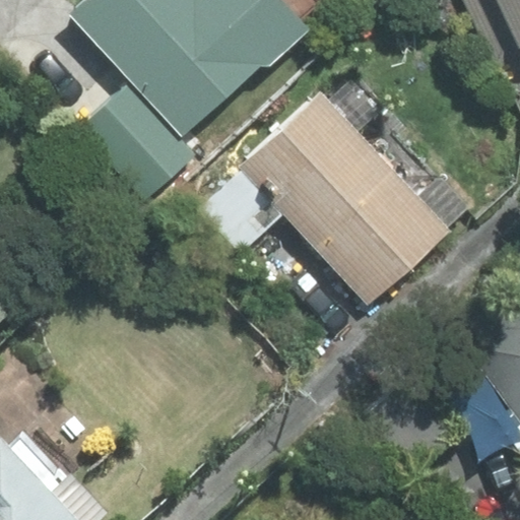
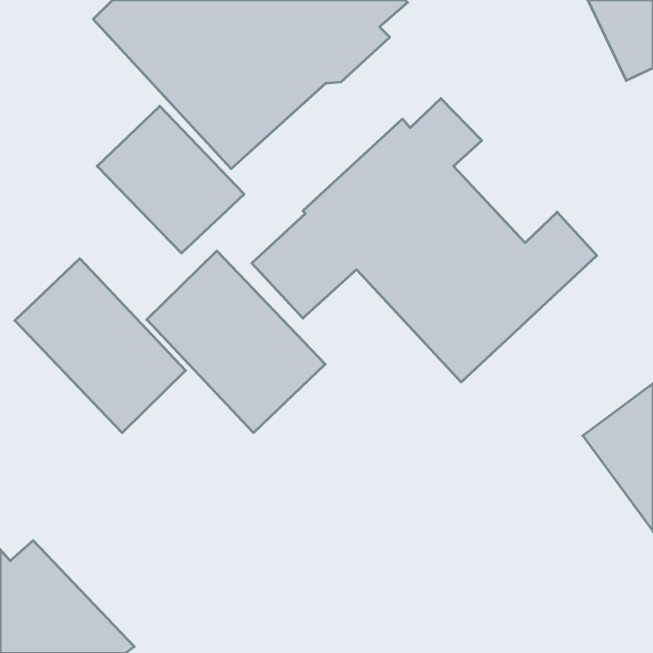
building: none -> [147,251,325,433]
building: none -> [15,259,186,433]

